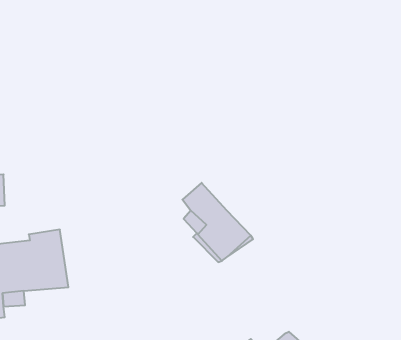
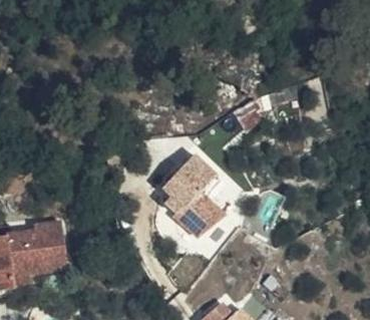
building: none -> [181,162,222,200]

